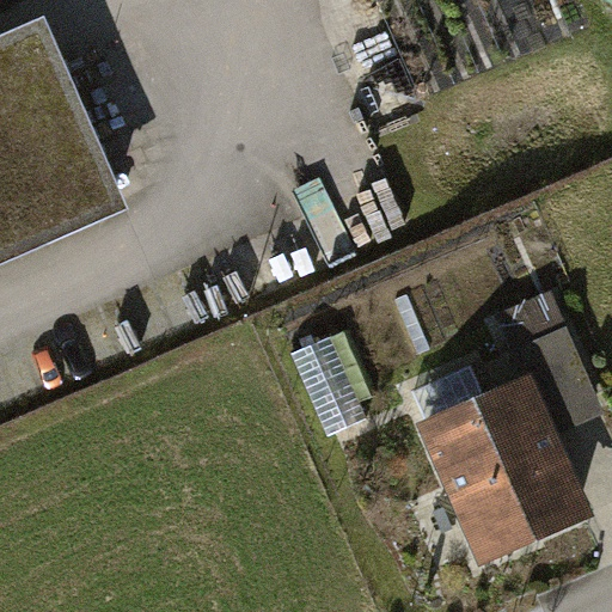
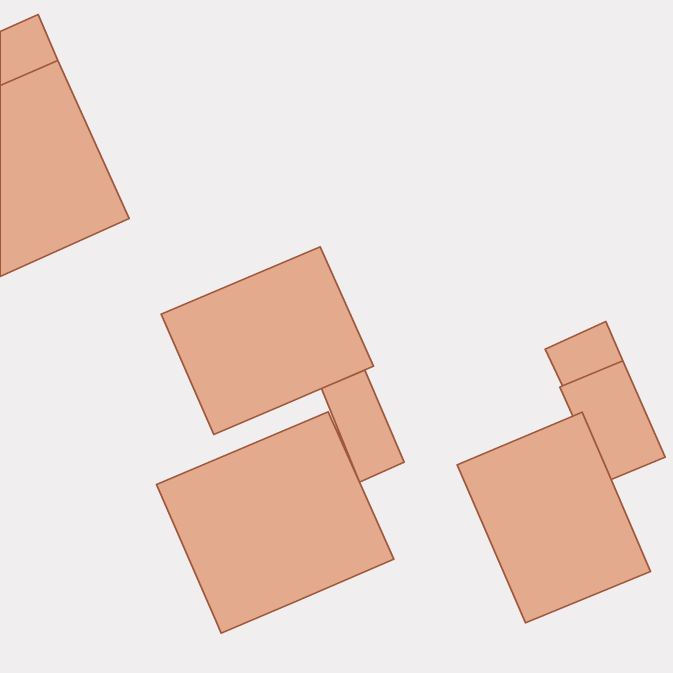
building: none -> [161,247,374,434]
building: none -> [156,412,394,633]

